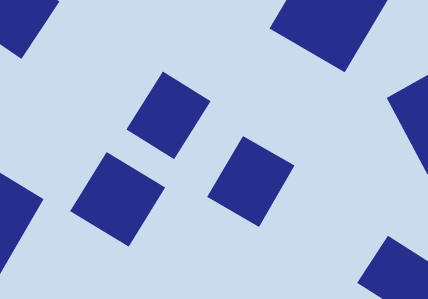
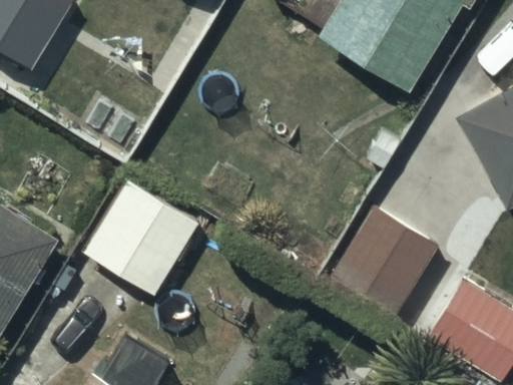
building: [125,71,212,160] -> none
building: [206,135,296,228] -> [331,207,437,317]

